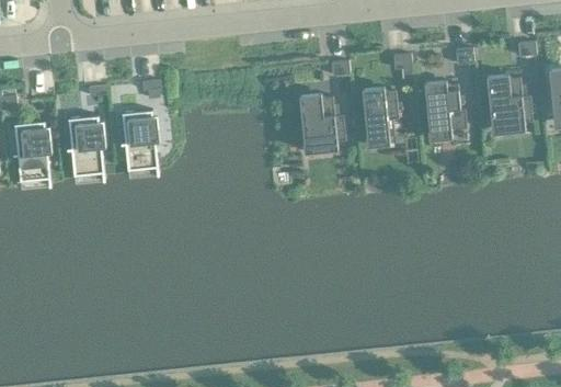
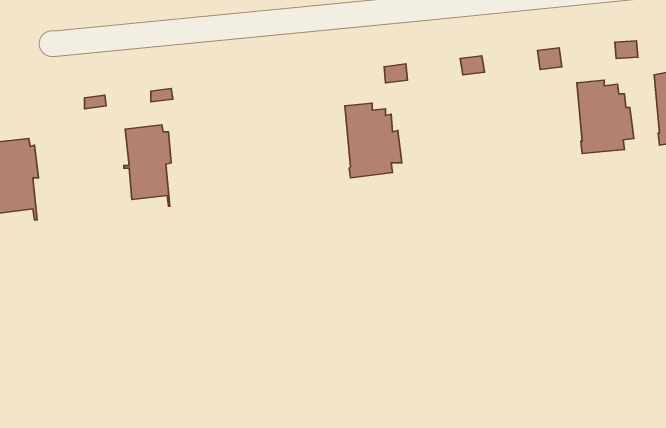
building: [425,80,467,140] -> none
building: [363,87,399,147] -> none
building: [68,116,106,182] -> none

